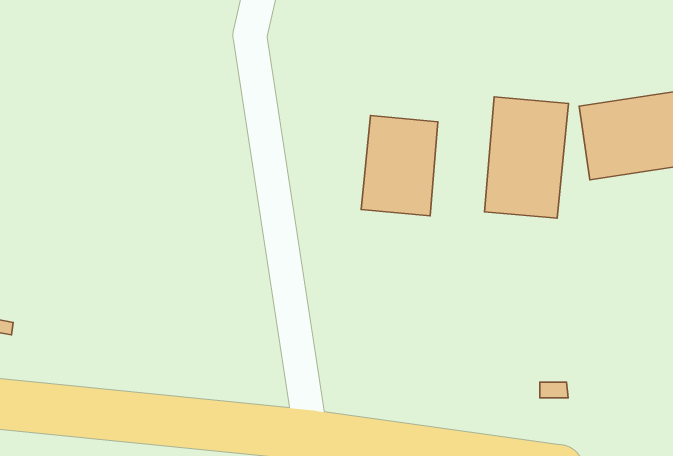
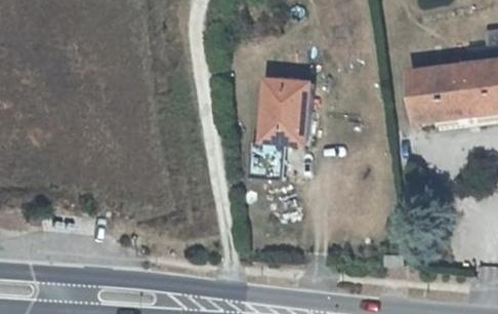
building: [485,97,568,218] -> none

